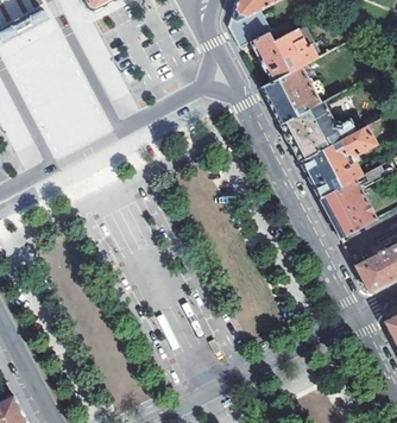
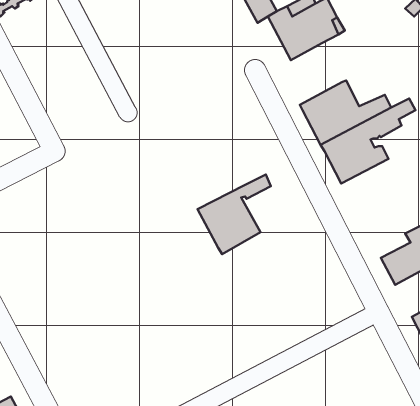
building: [260,68,323,125] -> none
building: [317,165,385,239] -> [198,175,271,254]

